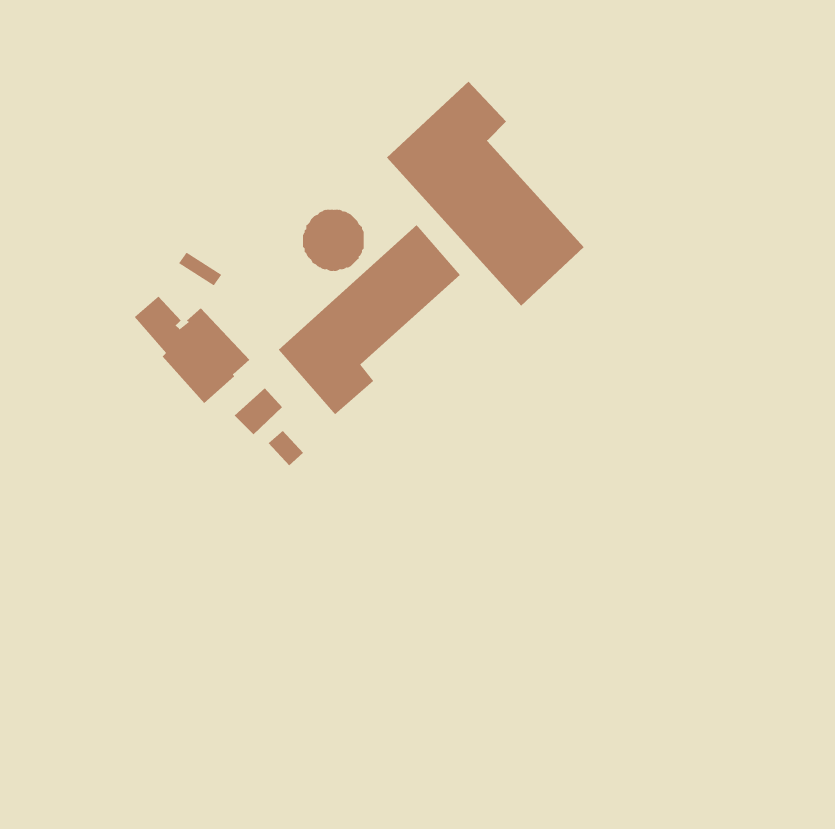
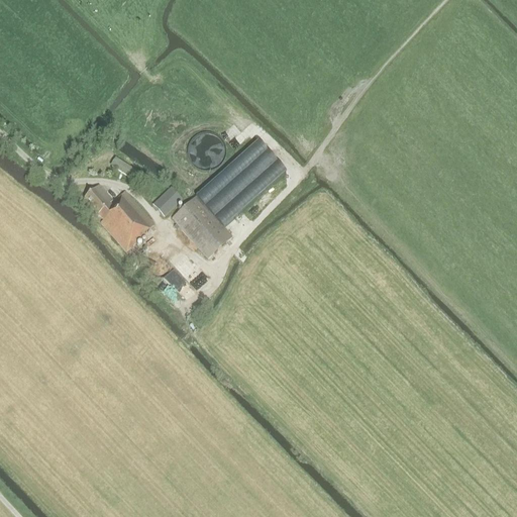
building: [386,81,585,307] -> none
building: [234,388,283,435] -> [151,186,182,215]

